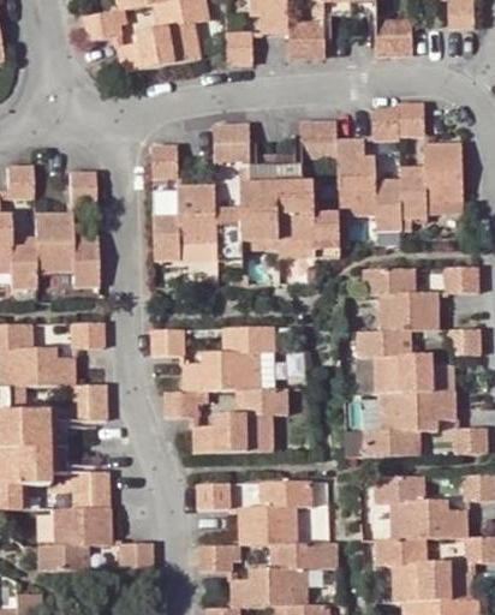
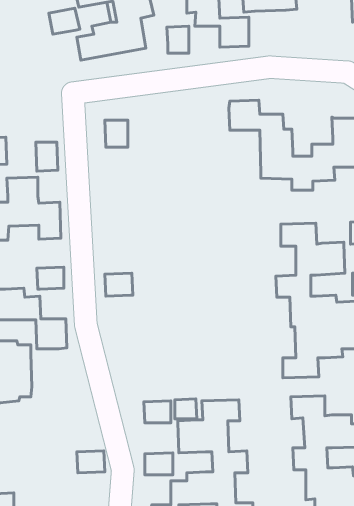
building: [376,19,413,55] -> none
building: [374,103,427,141] -> none
building: [213,125,250,160] -> none
building: [154,166,341,262] -> none
building: [166,327,287,453] -> none
building: [37,471,109,572] -> none

